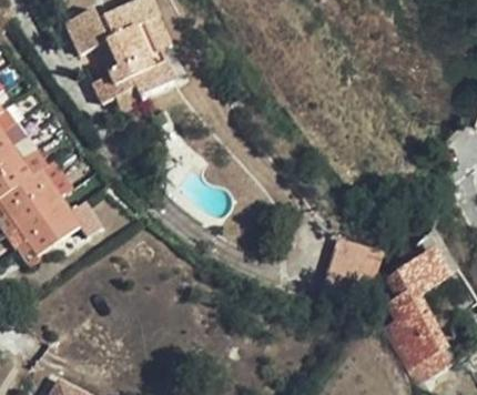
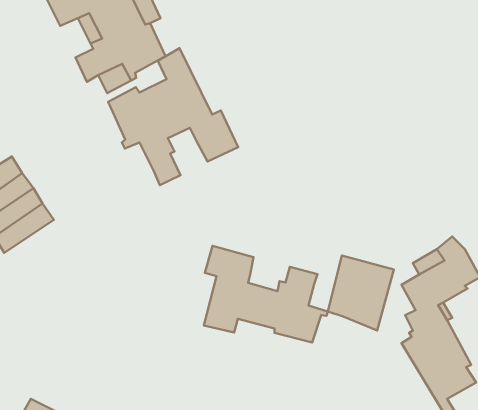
building: none -> [108,48,238,185]
building: none -> [204,246,328,342]

